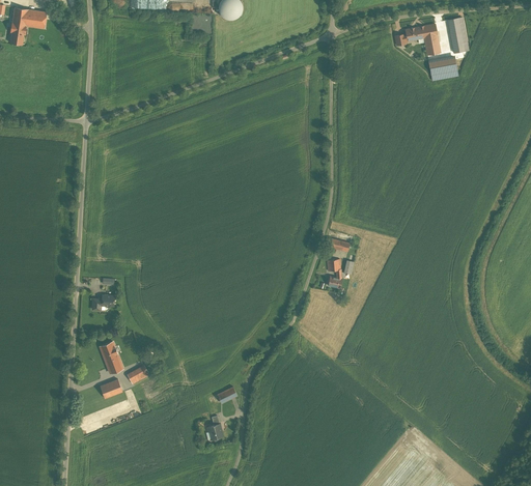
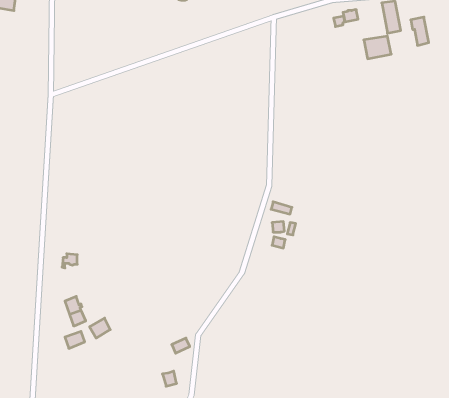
building: [419,24,439,55] -> [411,17,429,45]

